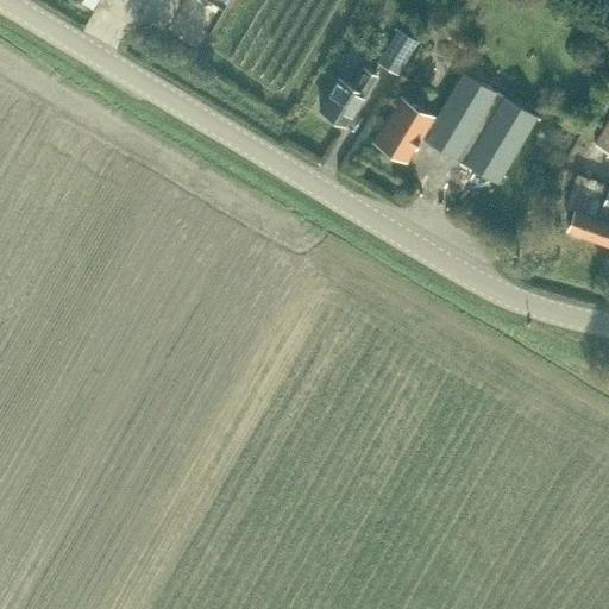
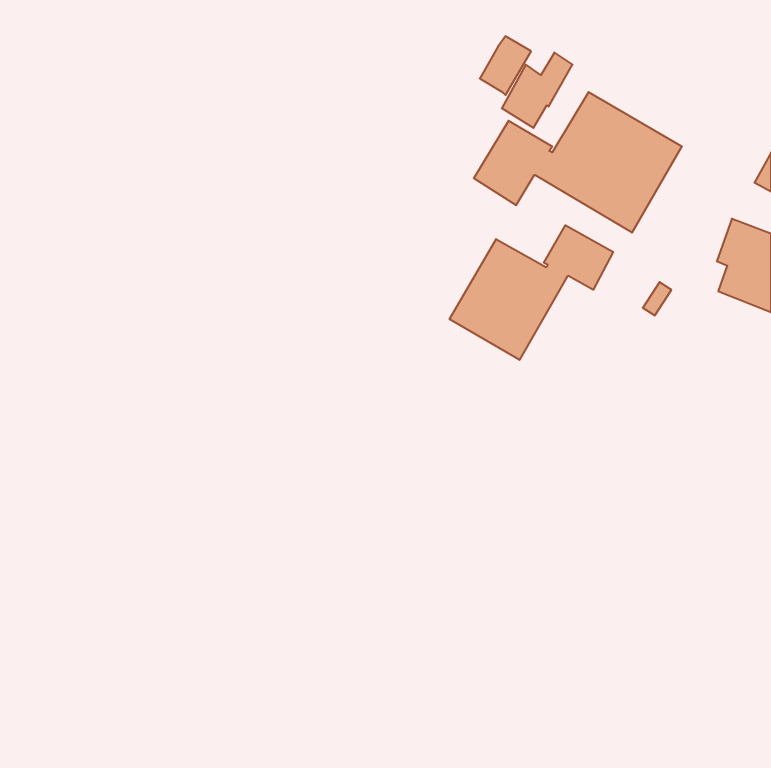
building: [321,68,377,127] -> [502,52,573,128]
building: none -> [450,225,613,360]

